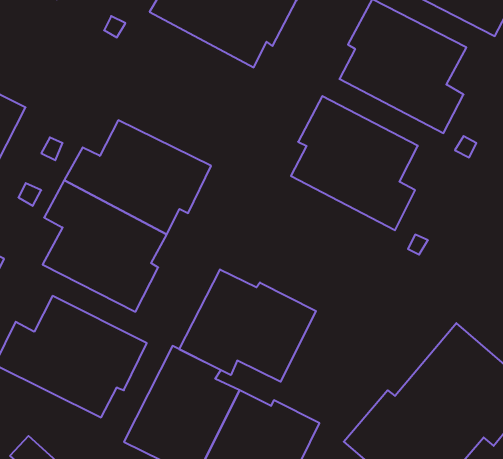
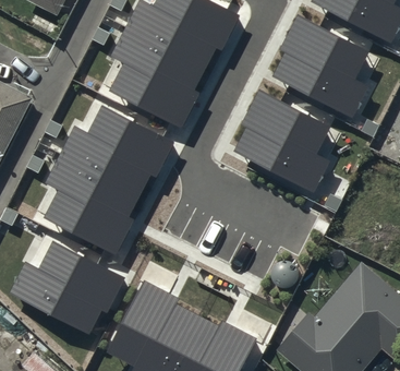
building: none -> [111,25,207,128]
building: [179,269,316,382] -> none

